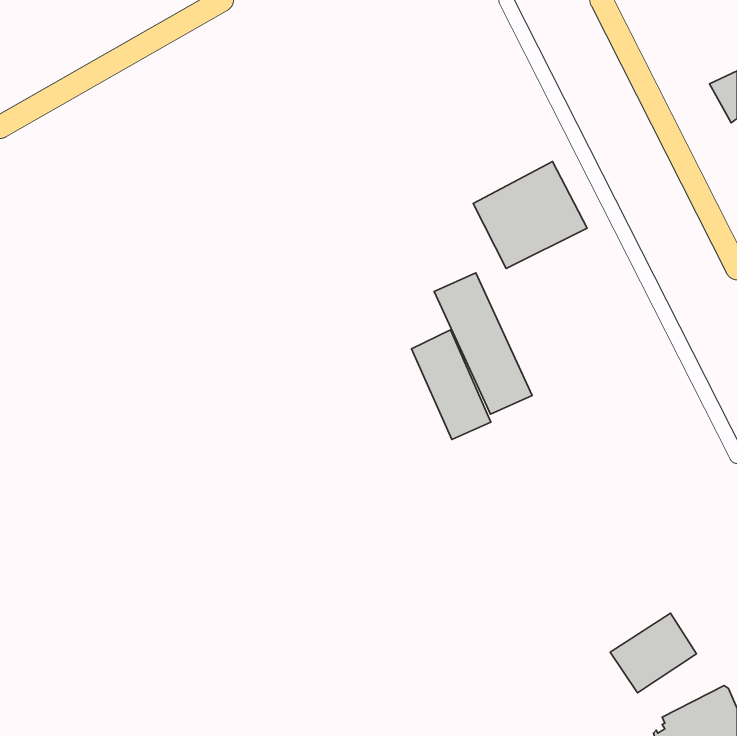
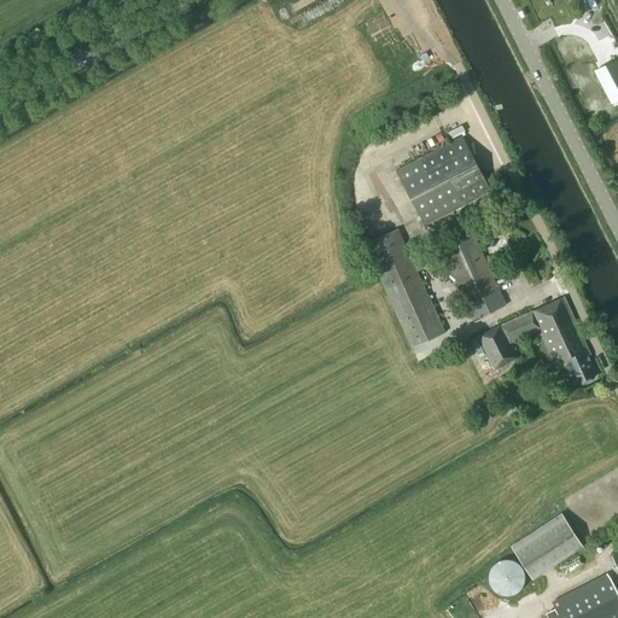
building: [412,330,491,440] -> [439,228,506,320]
building: none -> [478,297,599,385]
building: none -> [489,560,524,596]

